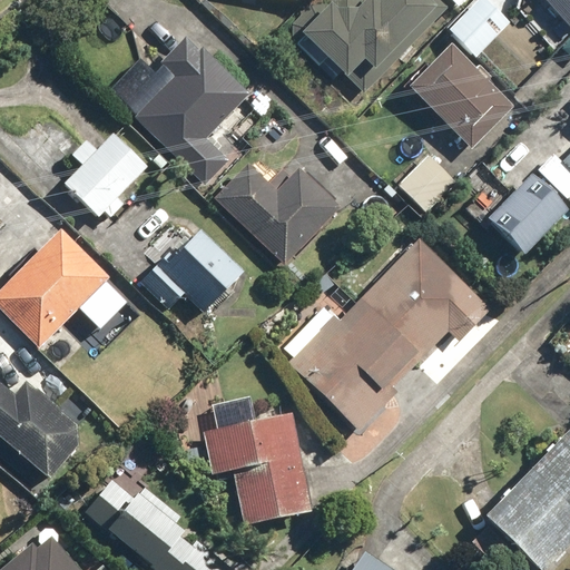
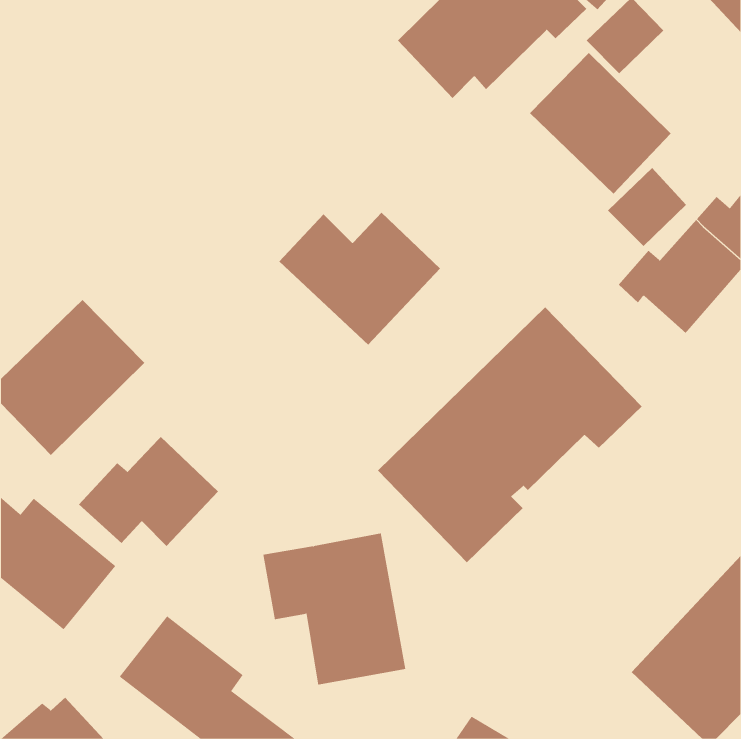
building: [106,35,253,185] -> none
building: [65,132,148,216] -> none
building: [397,151,459,213] -> [607,167,687,247]
building: [136,228,244,313] -> [78,436,219,547]

